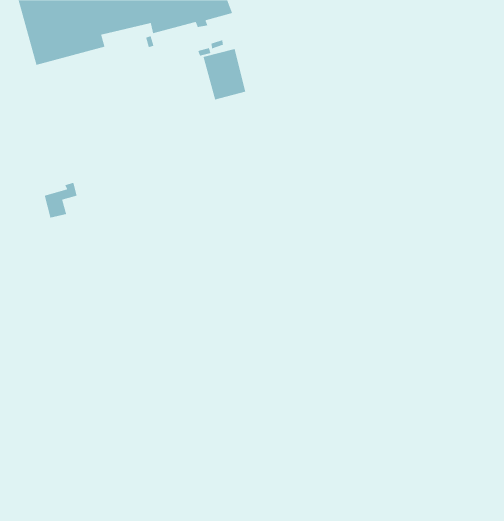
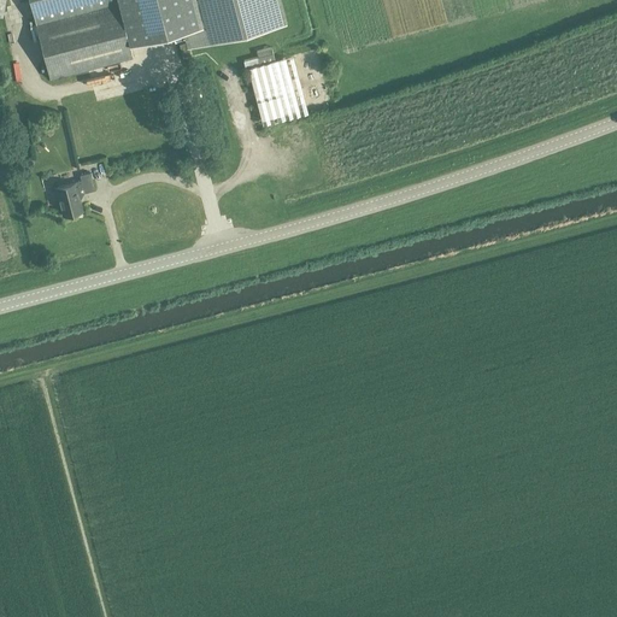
building: [44,182,77,218] -> [55,172,95,216]

